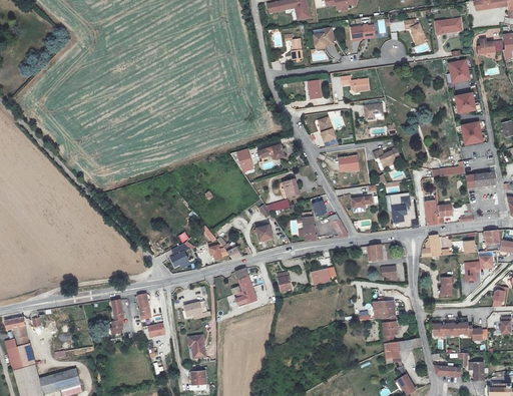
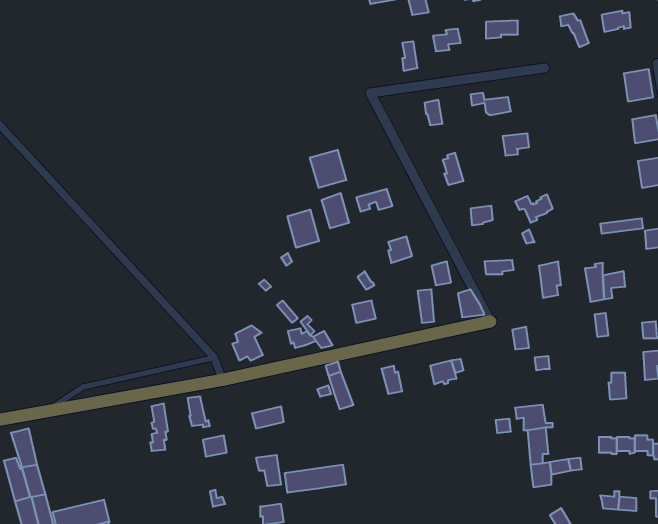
building: none -> [310,150,346,188]
building: none -> [288,210,319,248]
building: none -> [285,465,346,493]

